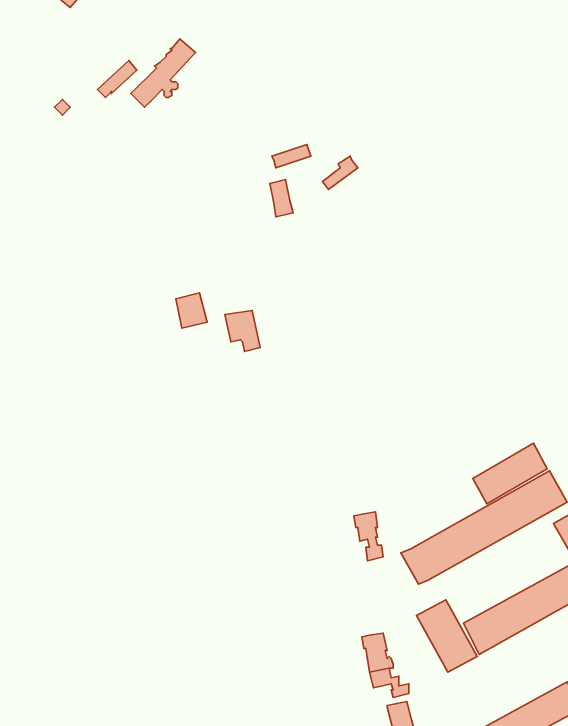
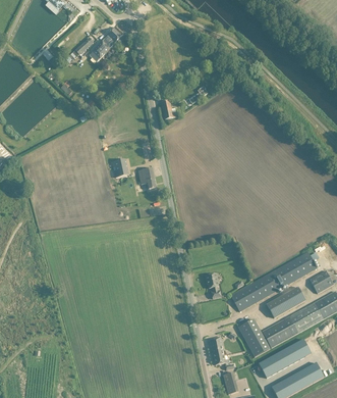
building: [473,443,547,504] -> [266,287,304,318]
building: none -> [258,339,311,378]

